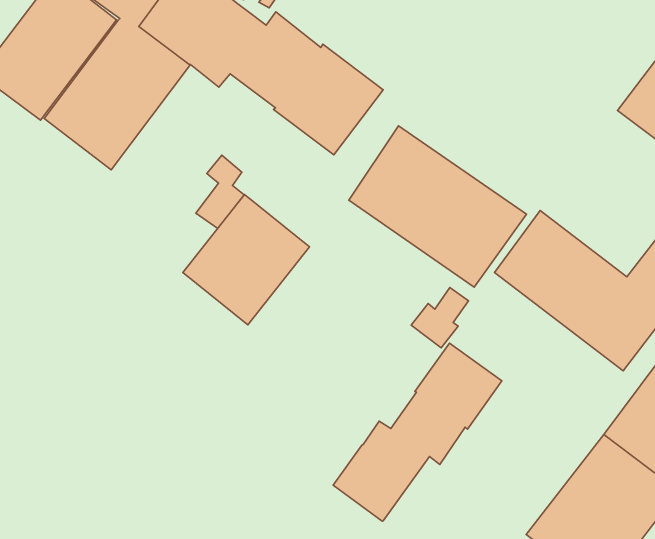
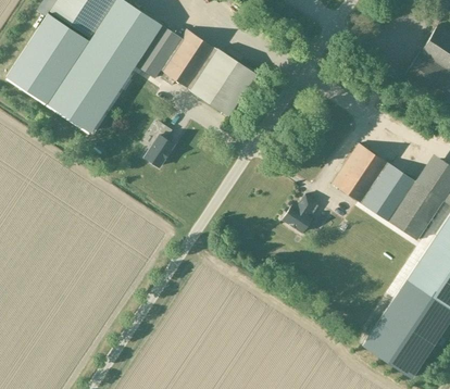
building: [349,126,526,287] -> none
building: [183,194,309,325] -> none
building: [333,343,502,521] -> none

